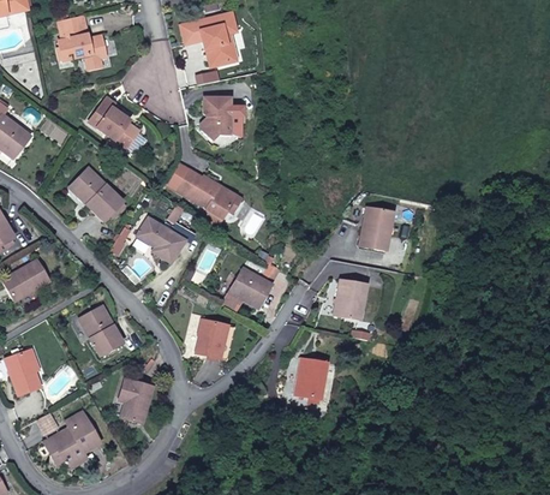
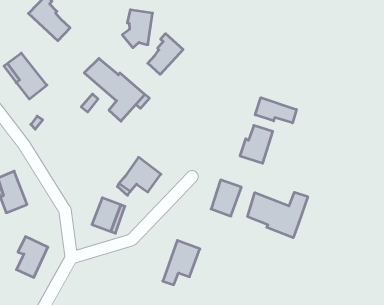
building: none -> [148,34,183,74]
building: none -> [255,98,296,123]
building: [136,215,183,262] -> none
building: none -> [248,192,308,238]

